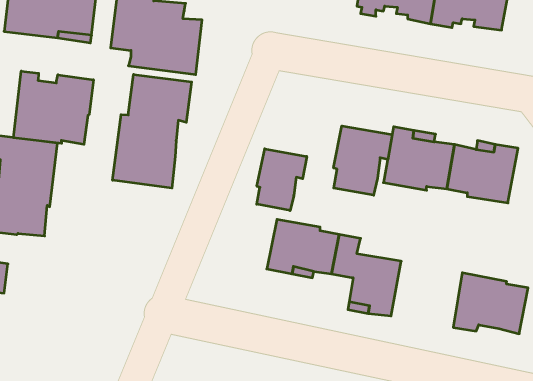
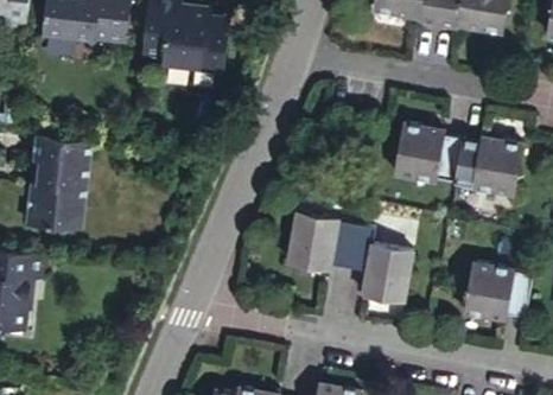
building: [14,71,93,144] -> none
building: [113,74,192,188] -> none
building: [334,126,392,195] -> none
building: [257,149,307,211] -> none

